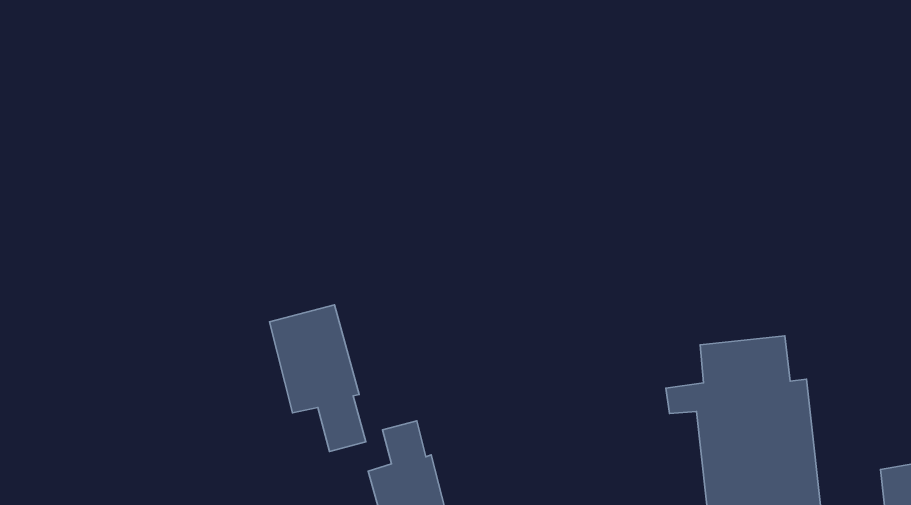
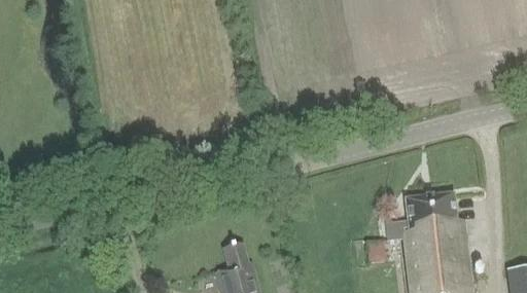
building: [270,305,366,451] -> none

